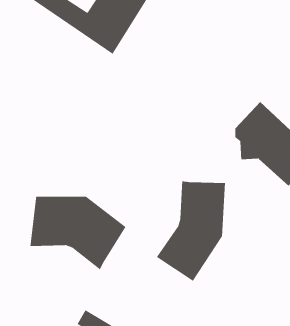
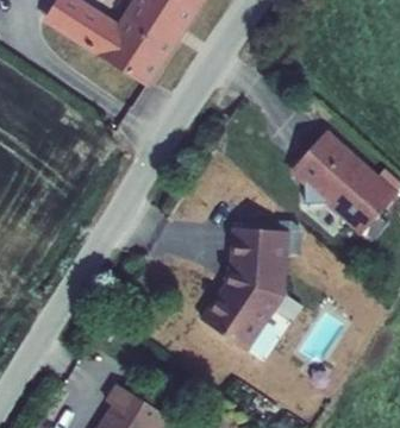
building: [30,196,127,270] -> none

